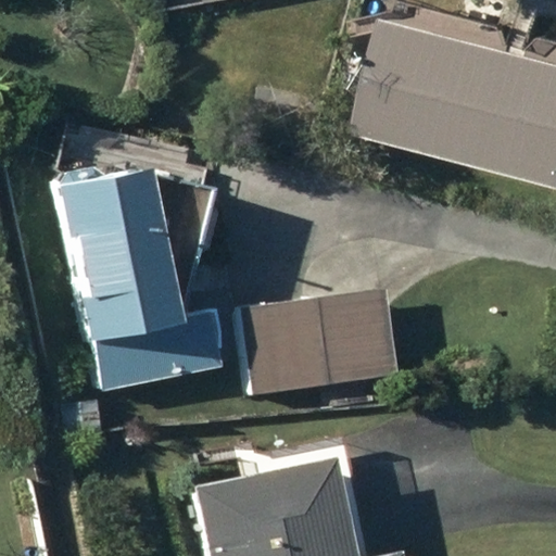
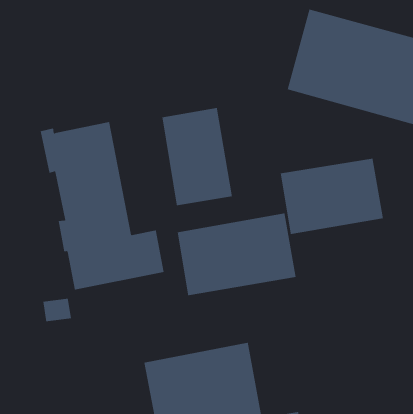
building: none -> [162,107,232,206]
building: none -> [280,158,384,235]

